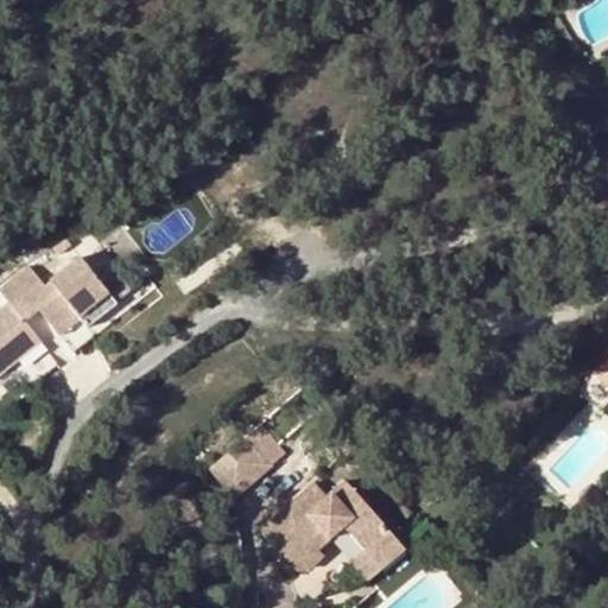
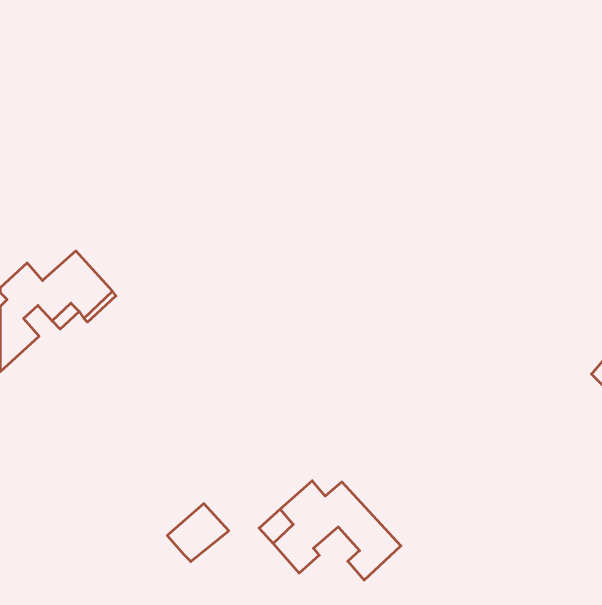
building: [213,437,274,495] -> [167,504,229,562]

